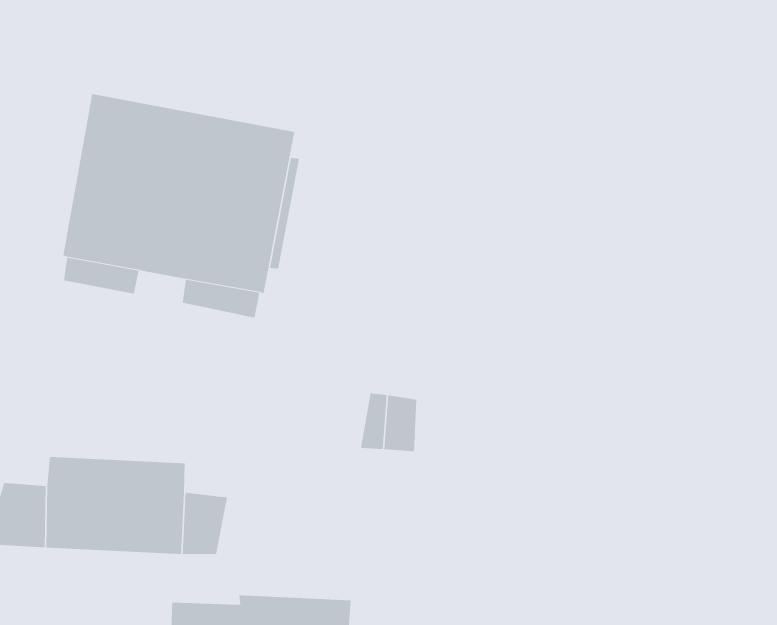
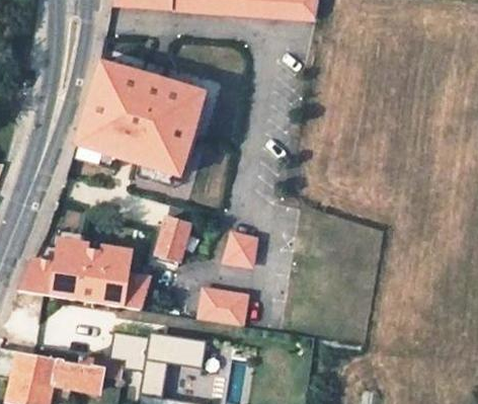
building: none -> [157,218,190,260]
building: none -> [197,289,245,325]

